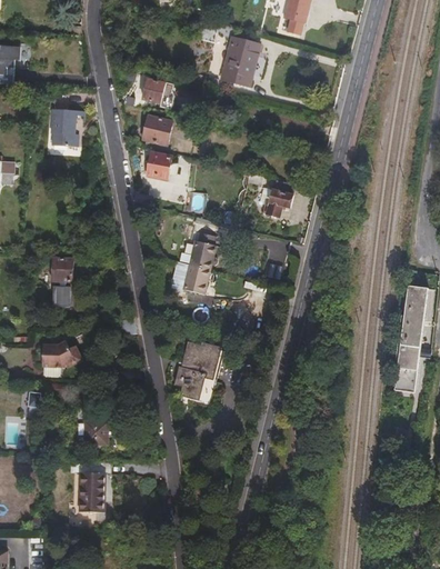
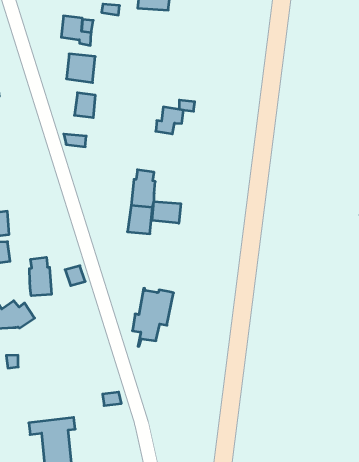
building: [263,188,292,214] -> [156,107,184,134]
building: none -> [152,202,181,223]
building: none -> [29,257,51,296]
building: [86,422,109,443] -> none

